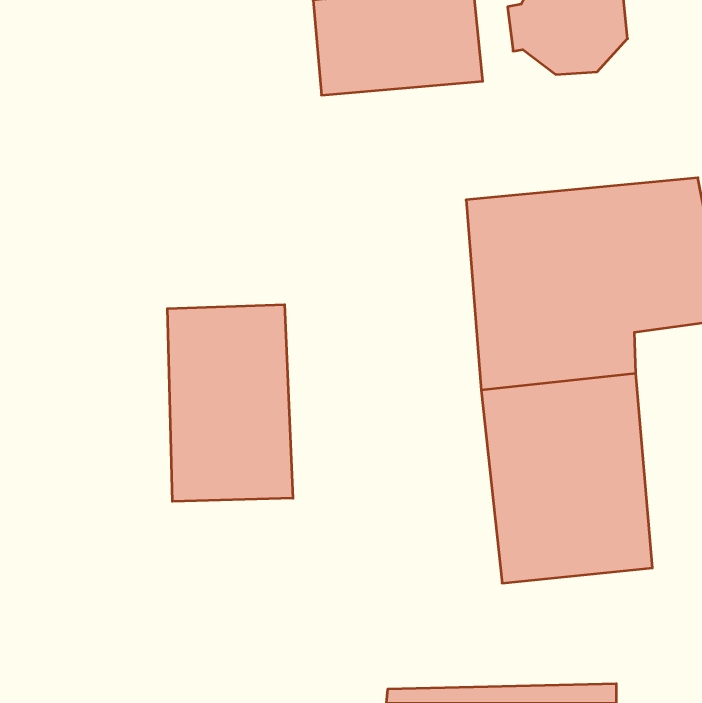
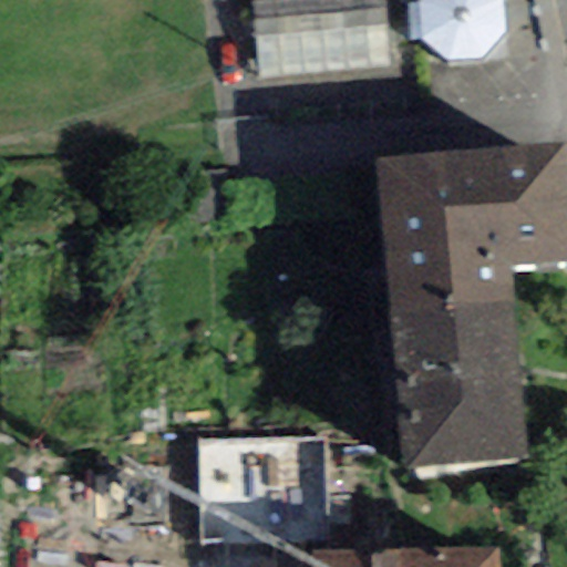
building: [167,305,293,501] -> none
building: none -> [197,439,329,542]

